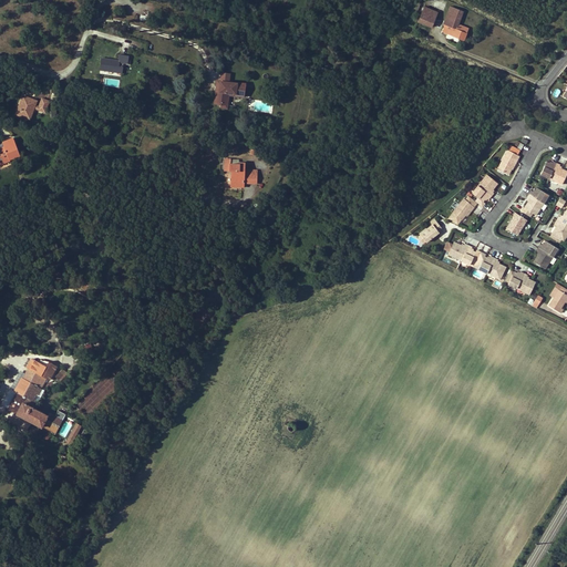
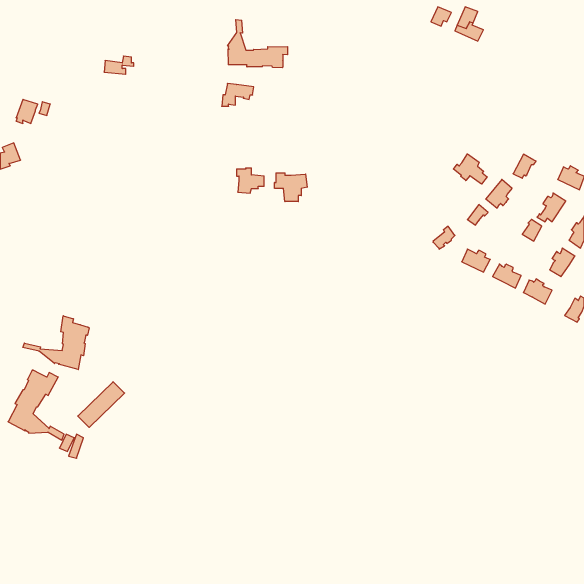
building: none -> [228,20,288,68]
building: none -> [453,154,487,184]
building: none -> [275,173,307,202]
building: none -> [23,316,89,370]

